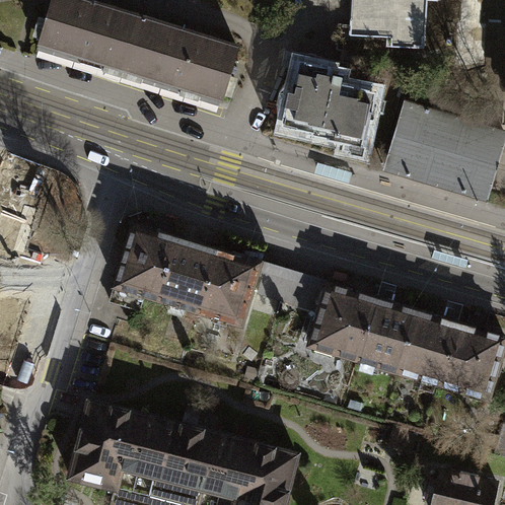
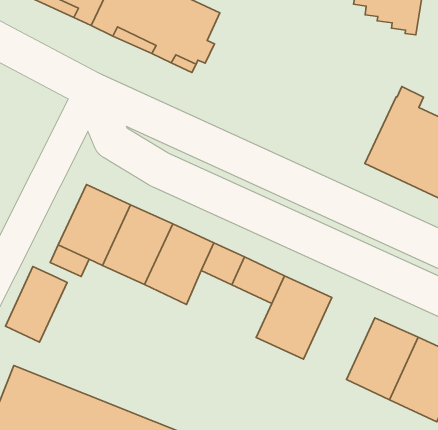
building: [286,62,374,155] -> none
building: [358,297,419,371] -> none
building: none -> [5,267,67,342]

